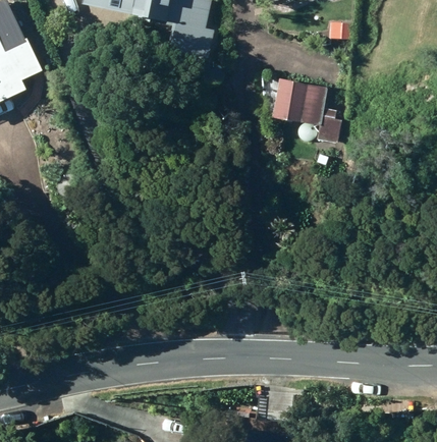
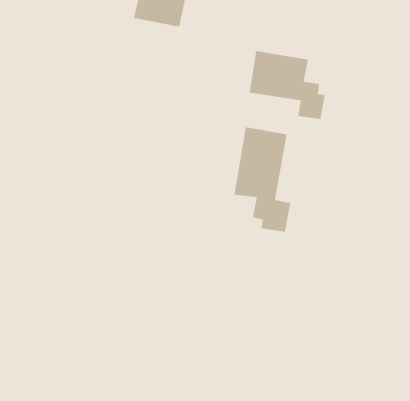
building: none -> [234,126,291,232]

